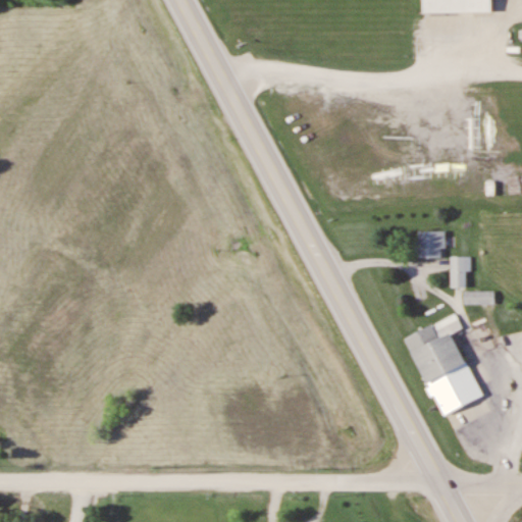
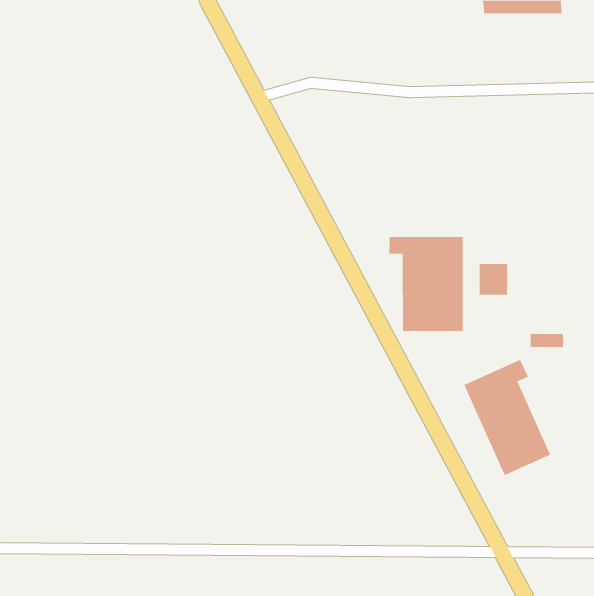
building: none -> [389,236,463,332]
building: [451,257,470,288] -> none

